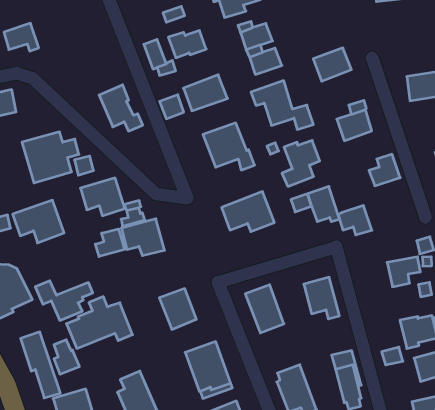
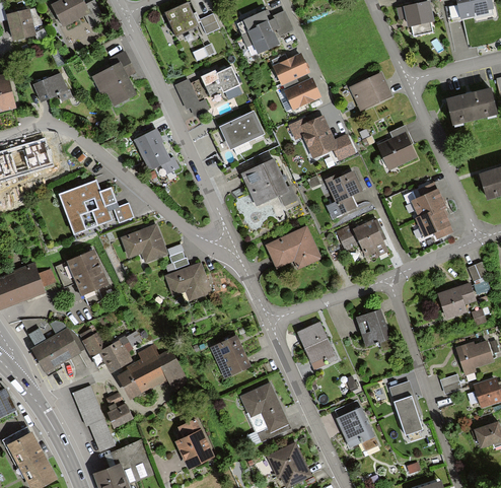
building: none -> [90,51,133,104]
building: [338,206,372,235] -> [418,203,453,233]
building: [95,229,125,257] -> none

